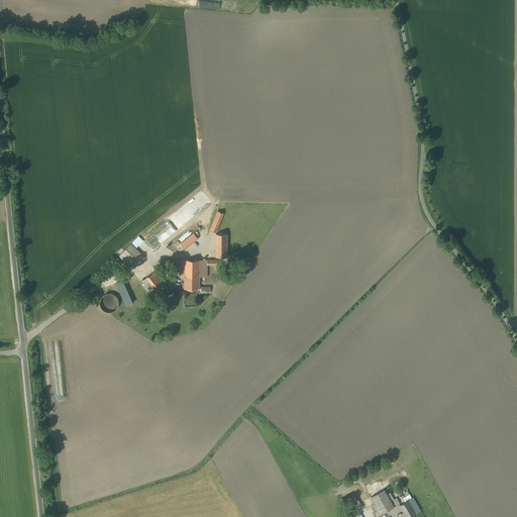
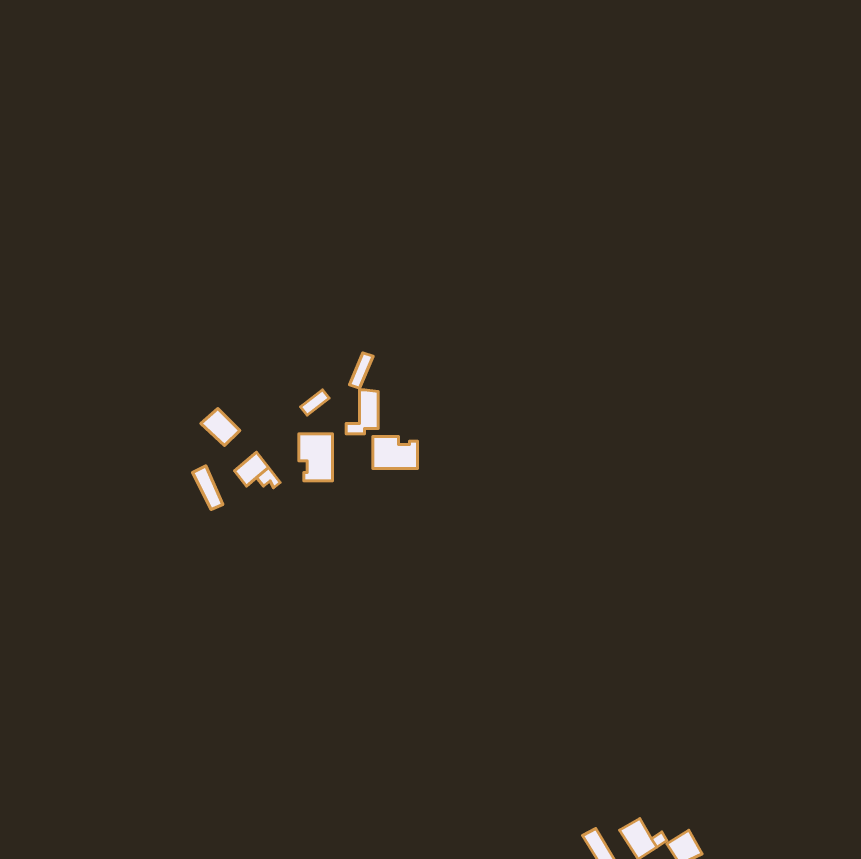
building: none -> [373,436,417,468]

